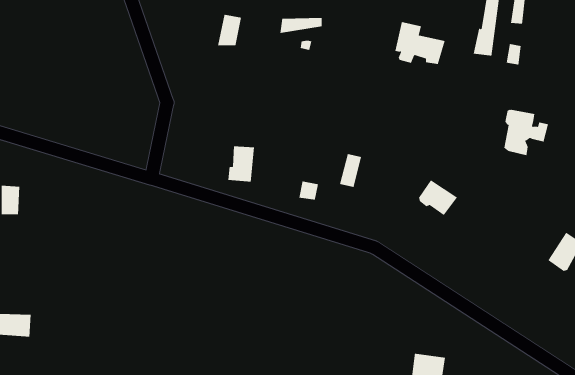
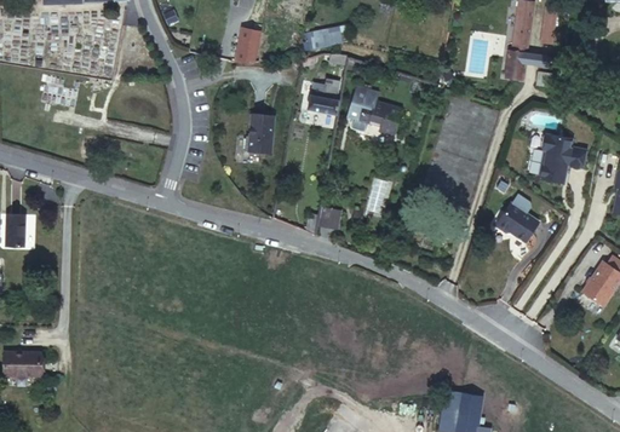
building: [395,22,445,65] -> [348,88,402,134]
building: none -> [310,76,343,109]
building: [228,146,255,182] -> [242,115,271,154]
building: [418,180,458,216] -> [500,201,542,240]

